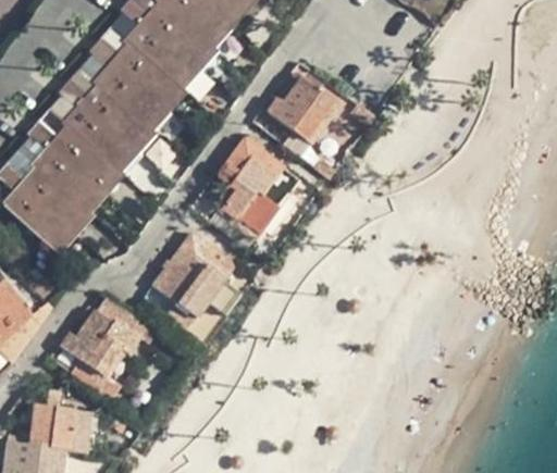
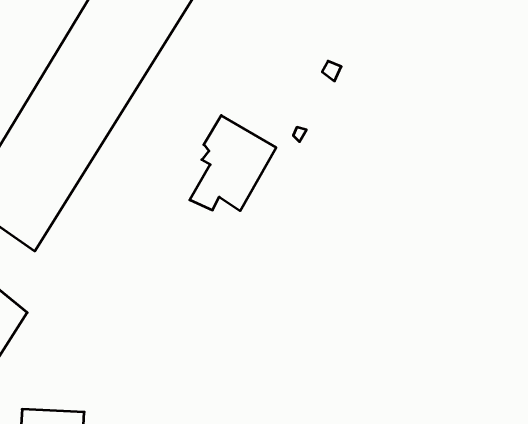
building: [263,73,336,145] -> none
building: [149,232,235,324] -> none
building: [59,296,146,398] -> none

